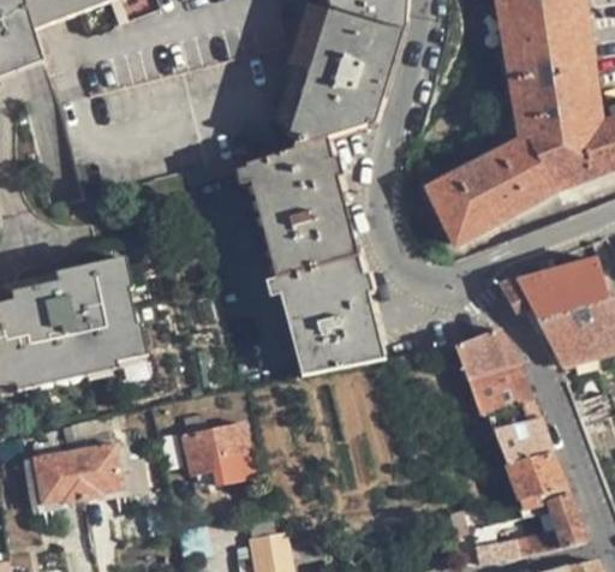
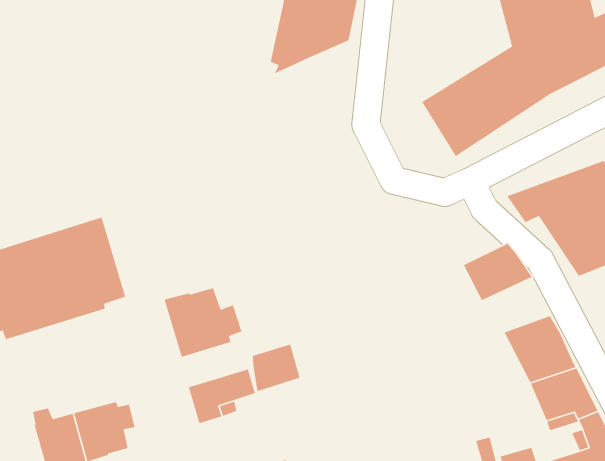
building: [245,137,384,376] -> none
building: none -> [163,287,242,358]
building: [468,363,532,413] -> none
building: none -> [252,344,301,392]

